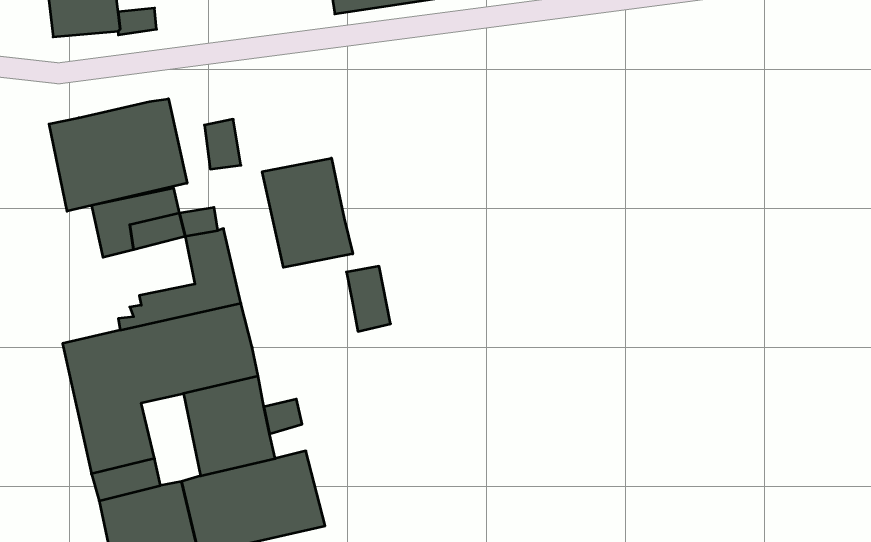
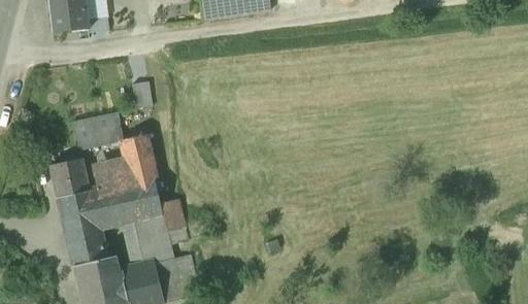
building: [49,99,187,211] -> none
building: [262,158,353,267] -> none
building: [346,266,391,331] -> [160,196,184,231]
building: none -> [51,158,89,197]

